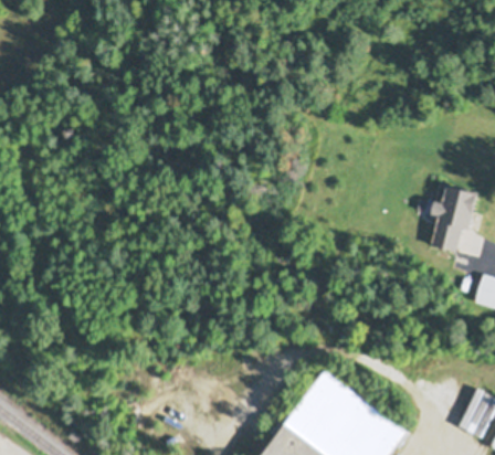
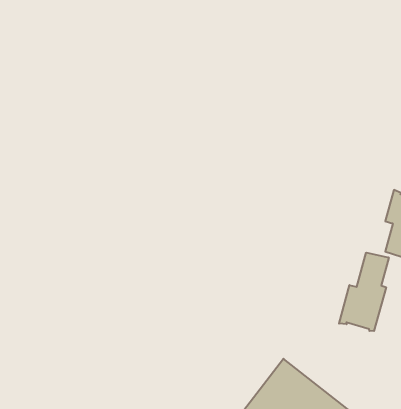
building: none -> [339,253,389,331]

